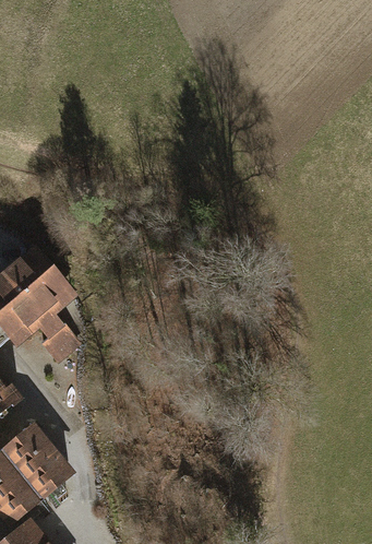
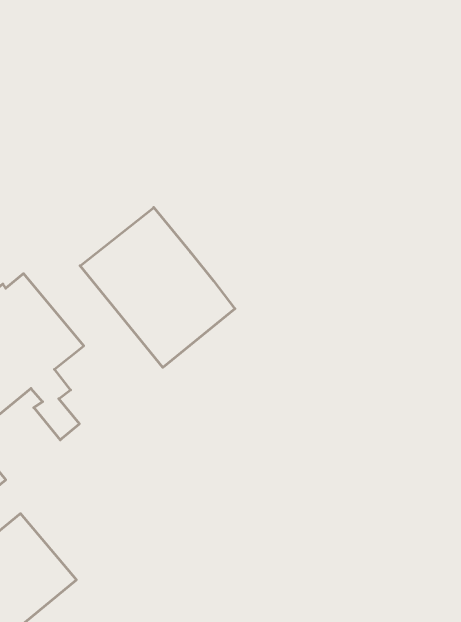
building: none -> [80,207,235,367]

